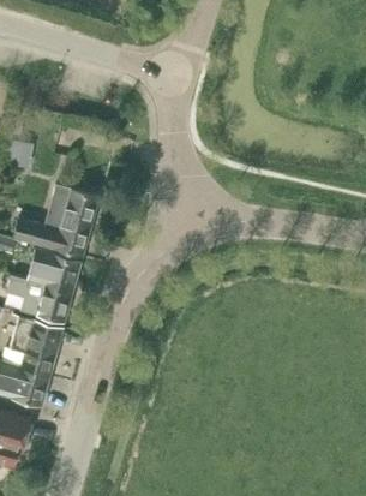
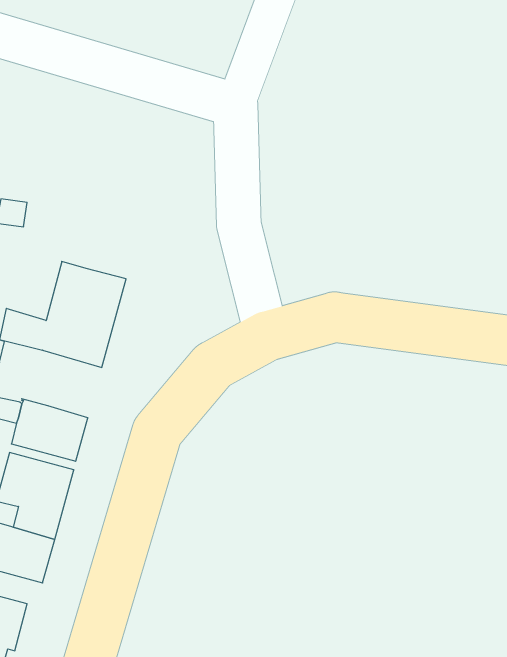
building: [26,250,80,292] -> none

